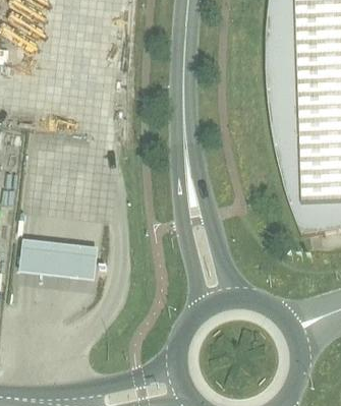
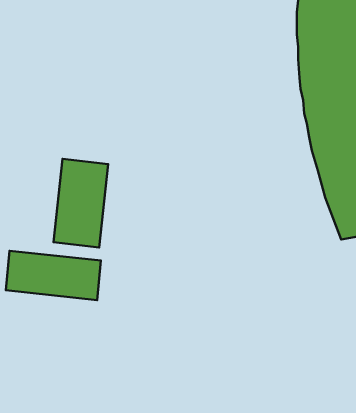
building: none -> [53,159,108,248]

